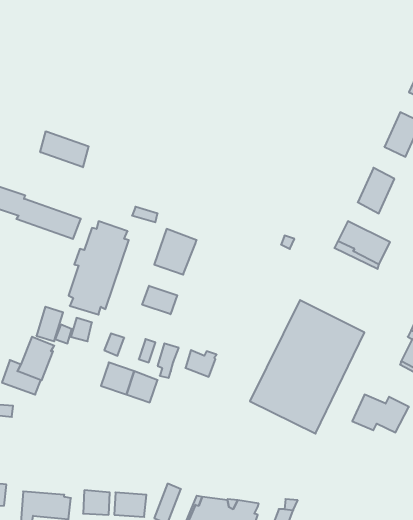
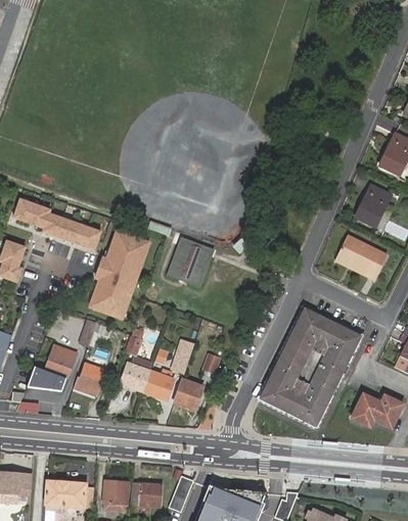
building: [40,131,89,167] -> none
building: [142,286,177,314] -> none
building: none -> [75,363,104,392]
building: none -> [173,379,202,411]

